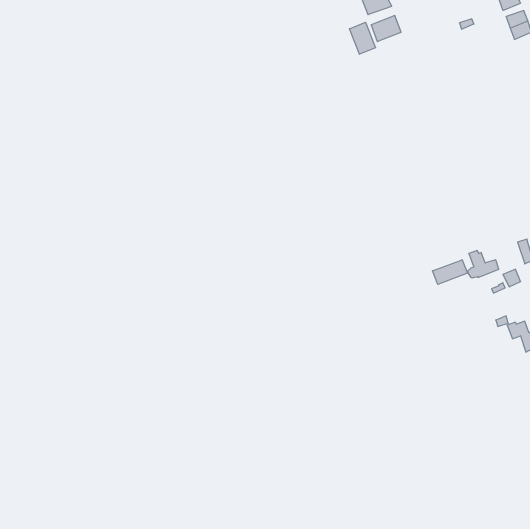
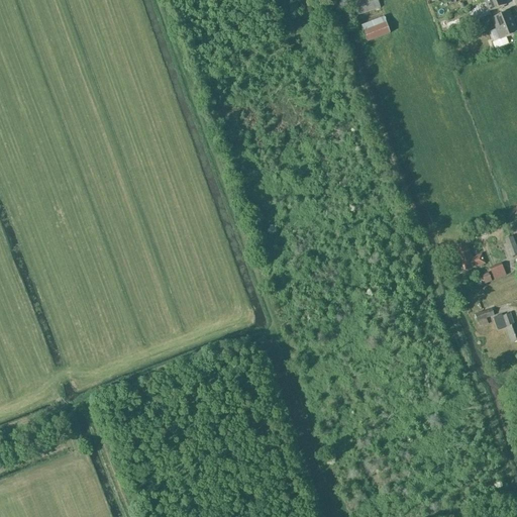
building: [349,22,375,54] -> none
building: [433,260,468,284] -> none

